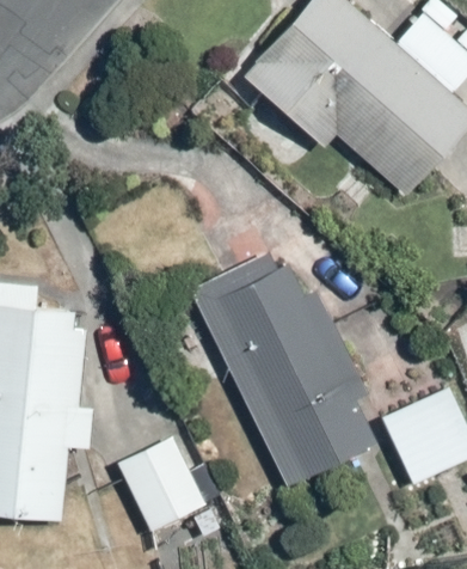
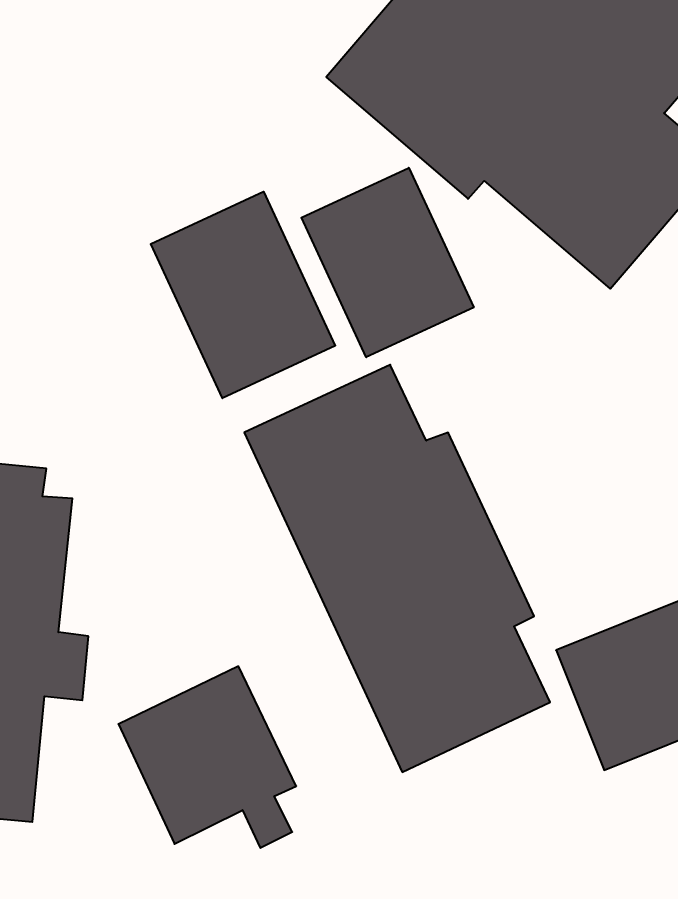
building: none -> [301,168,474,357]
building: none -> [151,192,335,398]

